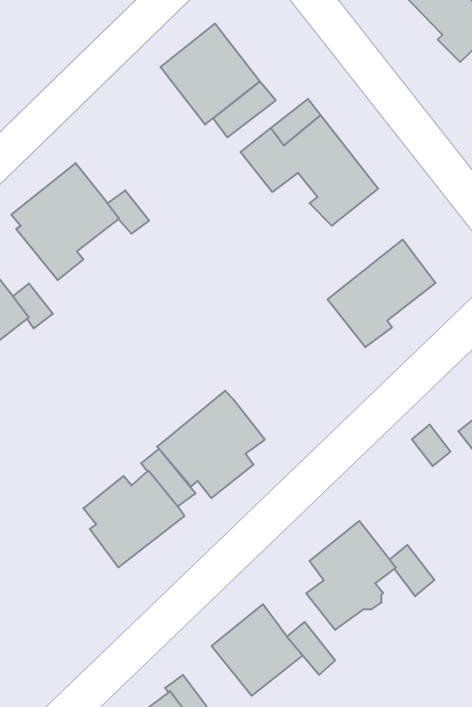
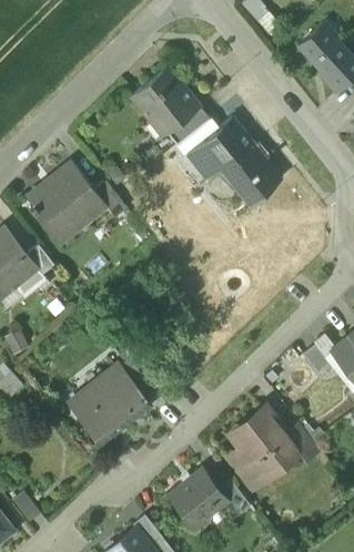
building: [327,240,436,347] -> none
building: [157,391,264,498] -> none

